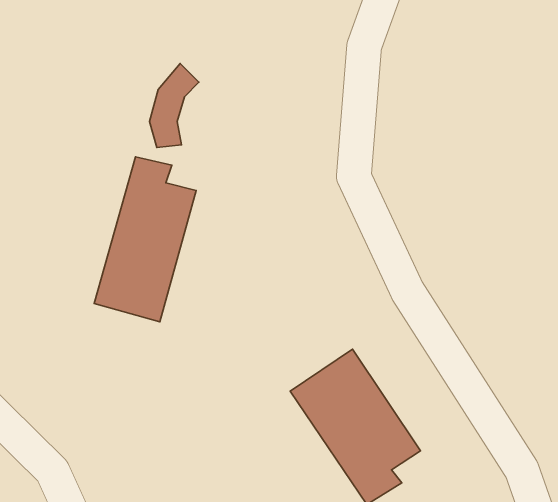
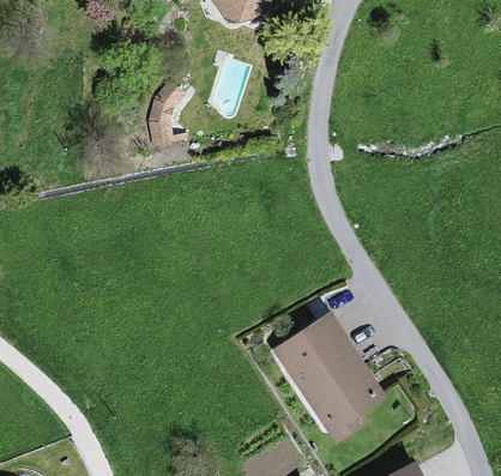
building: [94,157,196,322] -> none

